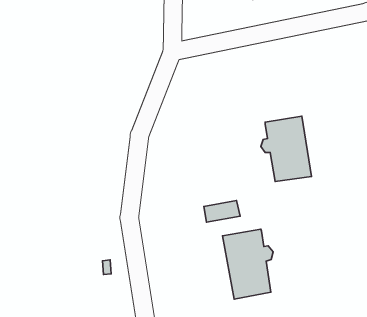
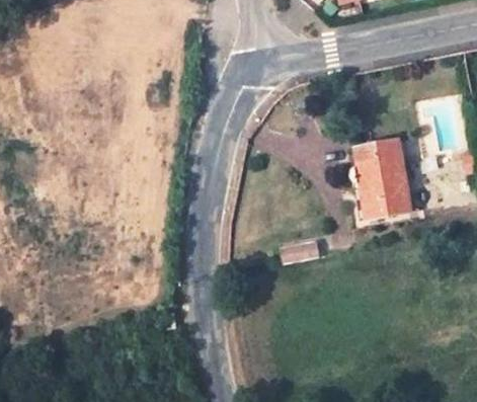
building: [223,229,273,299] -> none

